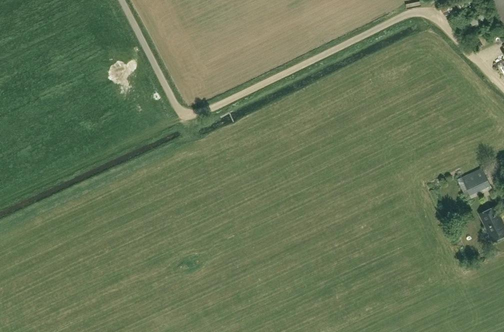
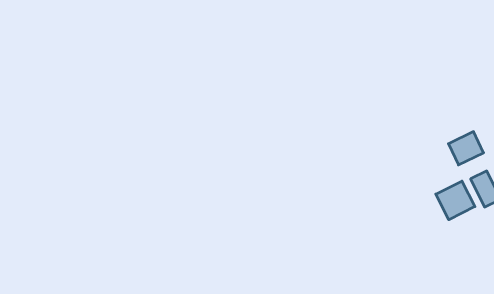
building: none -> [436,181,475,220]

